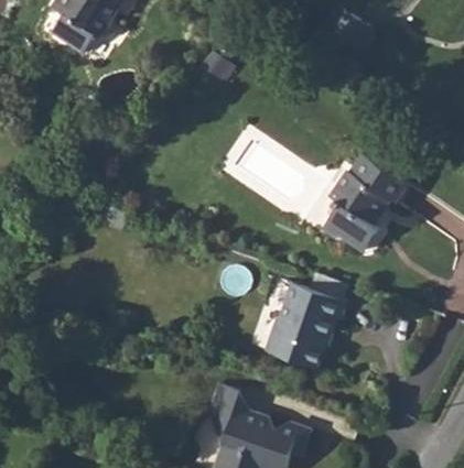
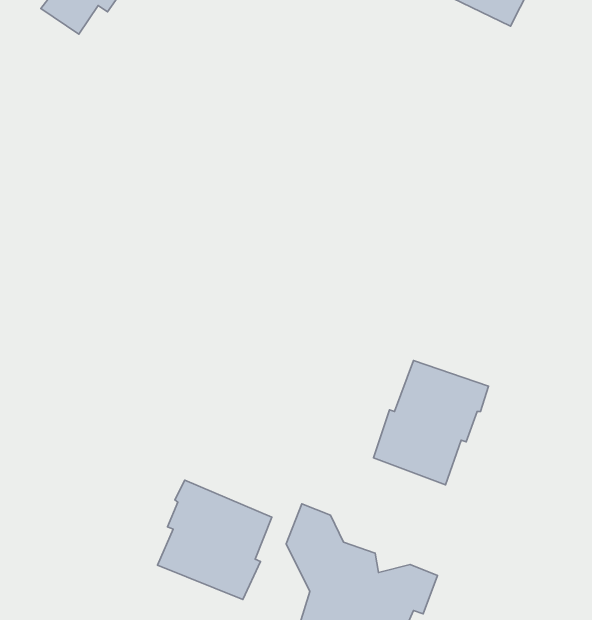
building: [319,154,408,253] -> none
building: none -> [158,480,272,599]

